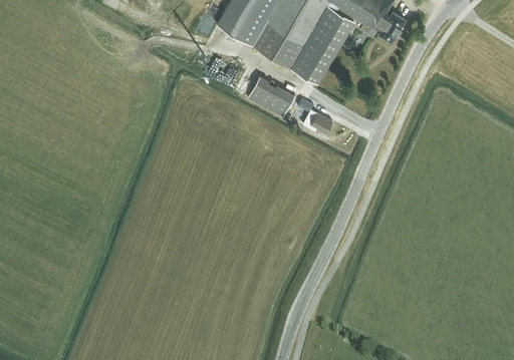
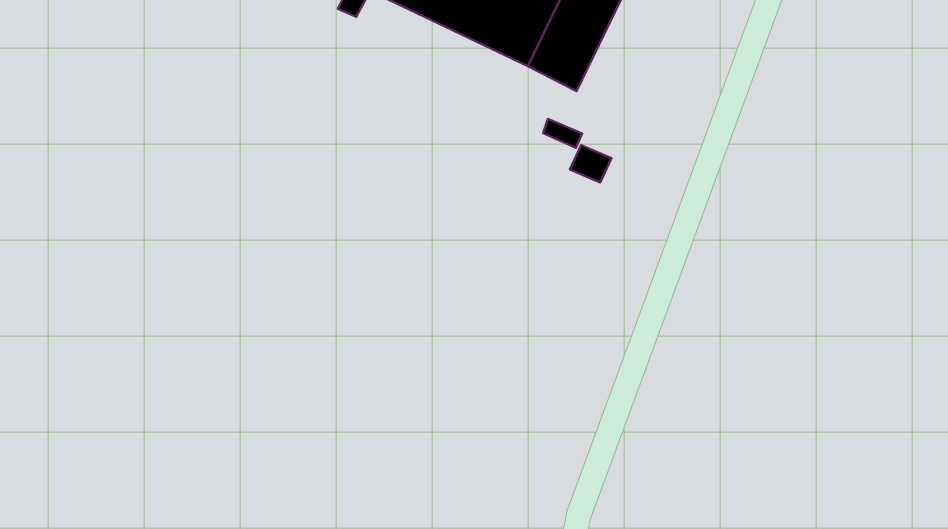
building: [249,74,296,115] -> none

